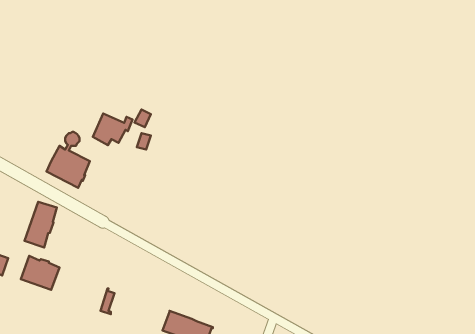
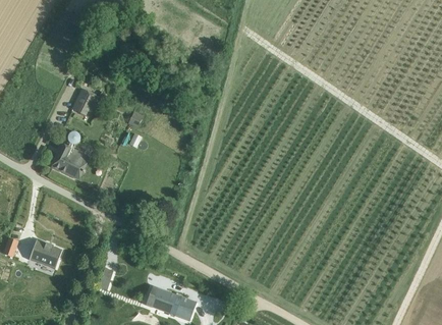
building: [93,113,132,145] -> [70,89,105,116]
building: [24,202,57,248] -> none

